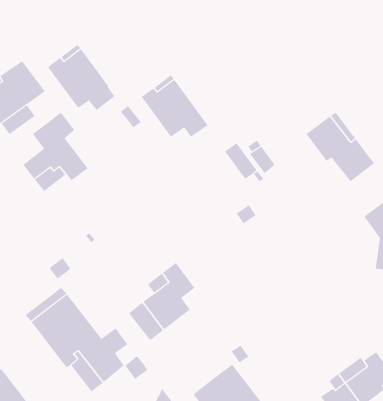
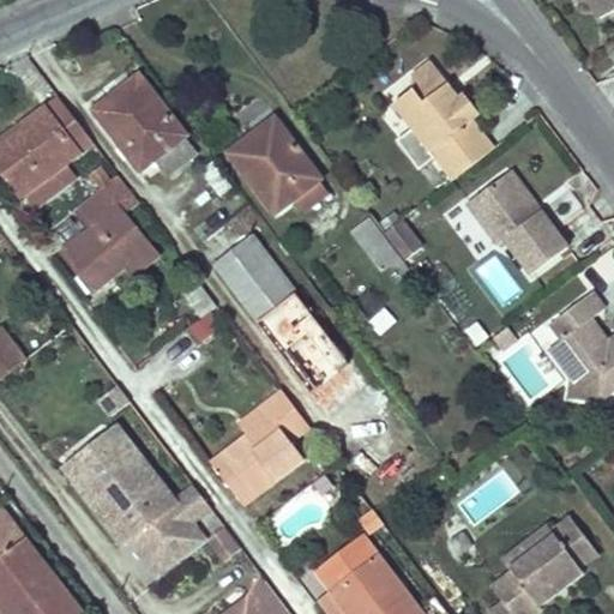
building: none -> [393,60,494,179]
building: none -> [212,234,348,392]

